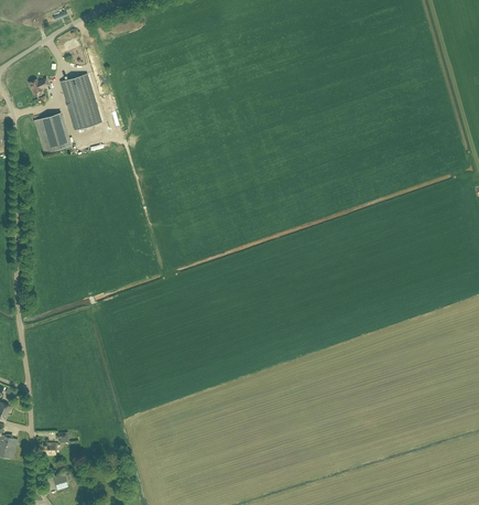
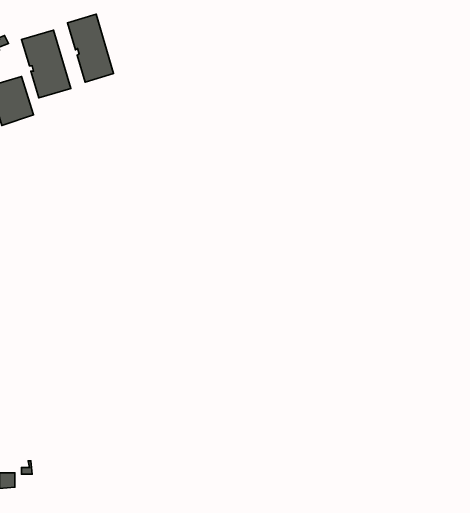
building: none -> [68,14,114,82]

